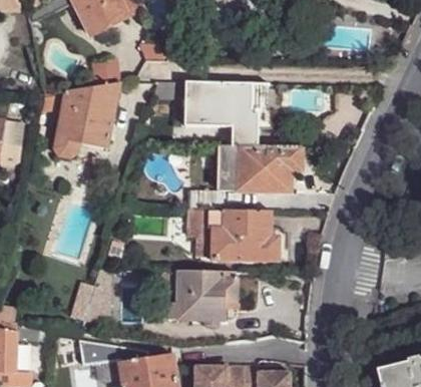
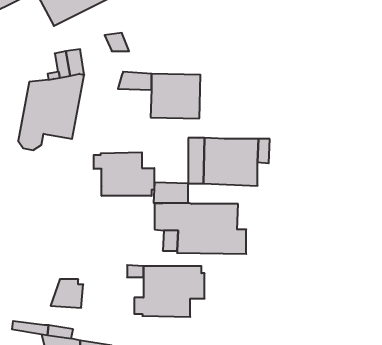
building: [233,83,267,139] -> none
building: none -> [94,152,154,196]

